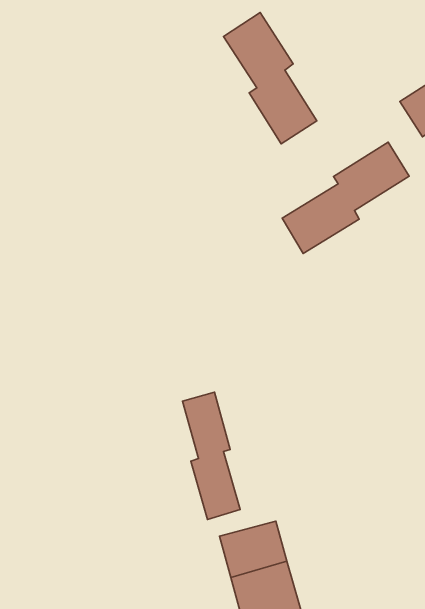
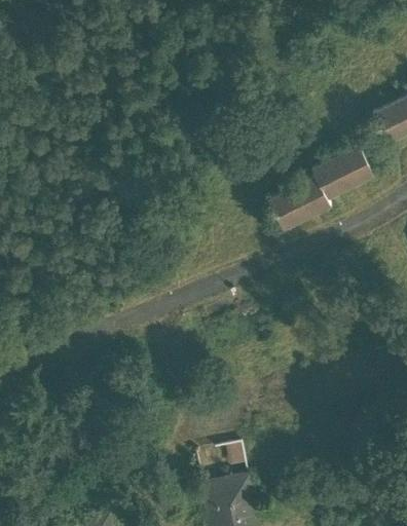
building: [224,13,317,144] -> none
building: [183,392,240,519] -> none

